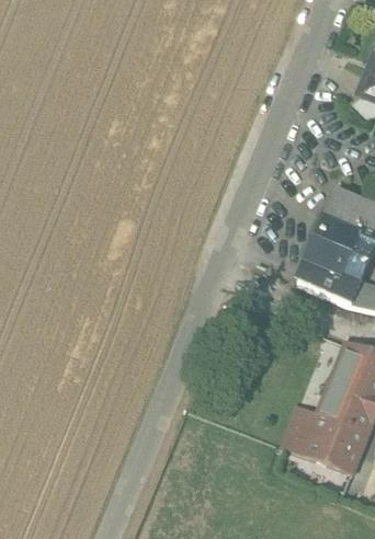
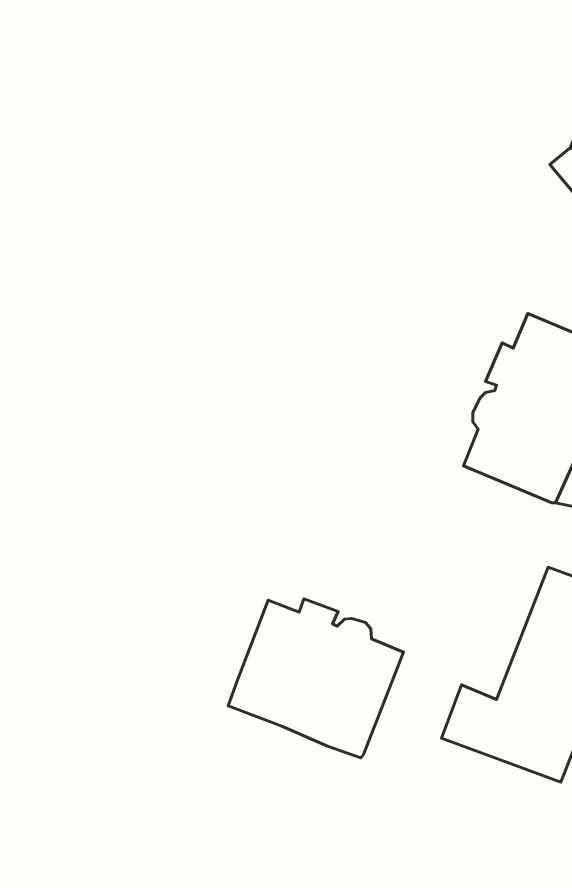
building: none -> [228,599,403,758]

